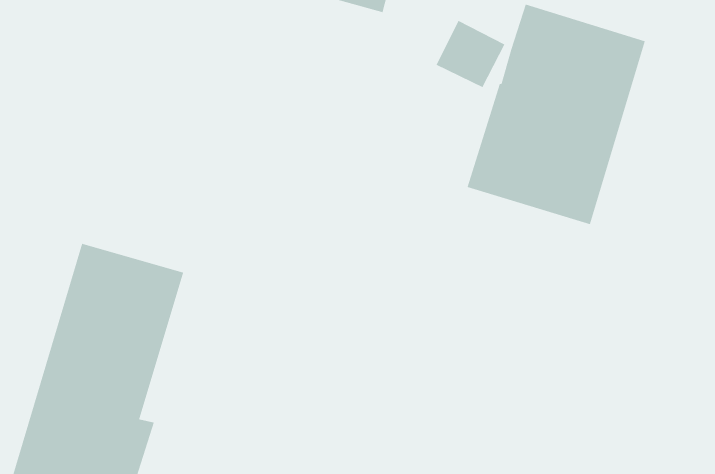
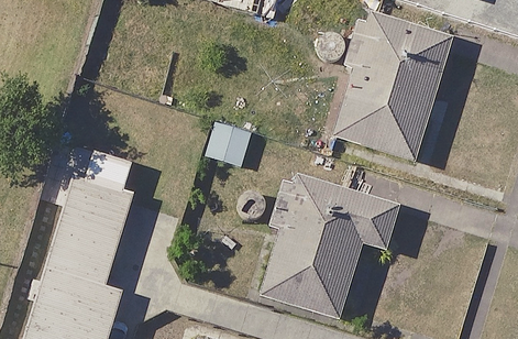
building: none -> [266,175,404,317]

